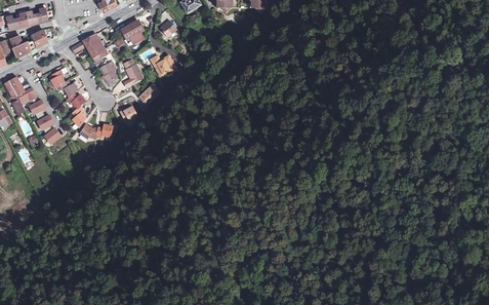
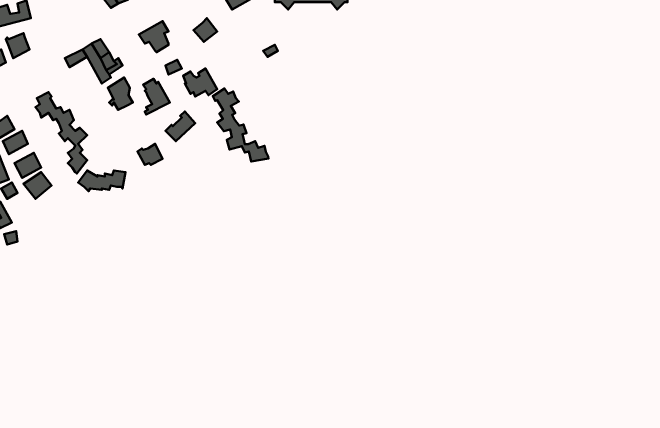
building: none -> [213,89,269,161]

